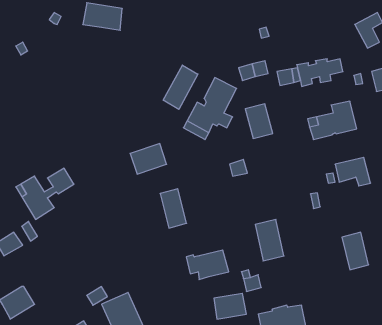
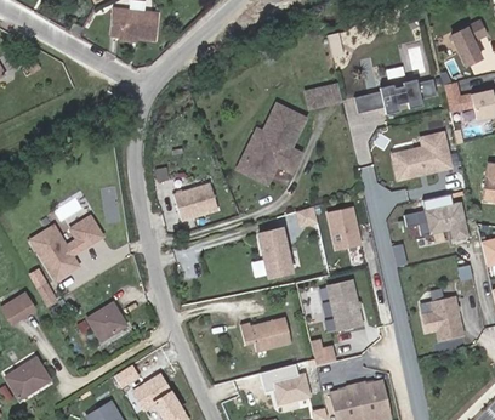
building: [163,65,198,109] -> none
building: [245,104,273,138] -> [323,205,357,248]
building: [160,189,187,228] -> [255,227,288,276]
building: none -> [87,303,127,342]

